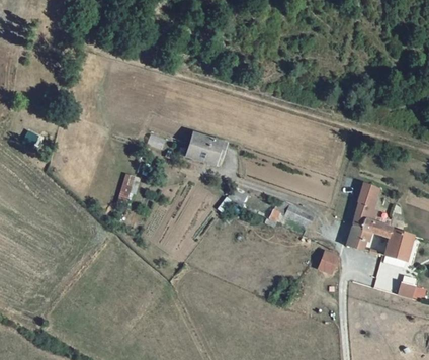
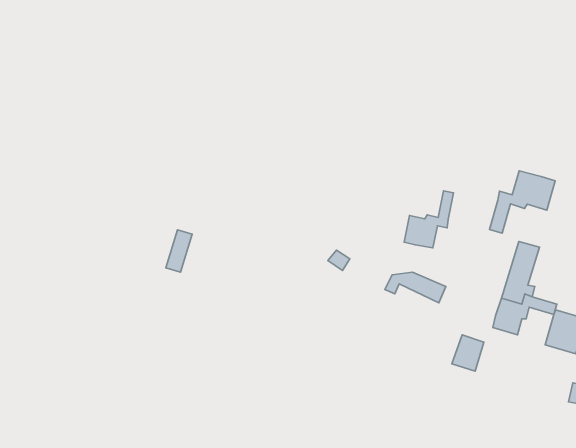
building: [187,133,225,164] -> none
building: none -> [489,171,555,233]
building: none -> [404,191,454,248]

